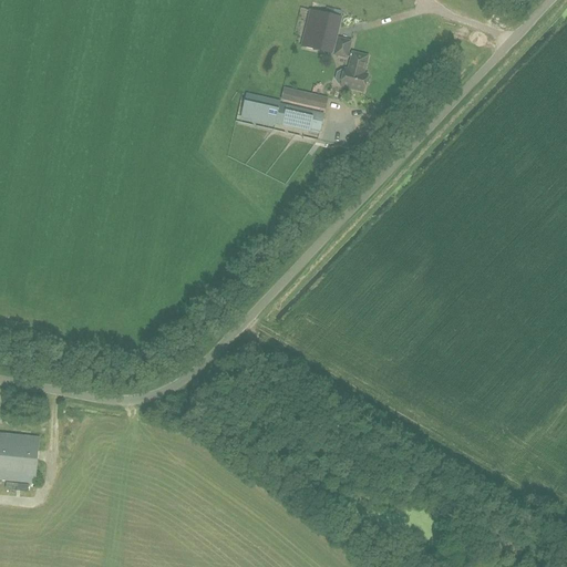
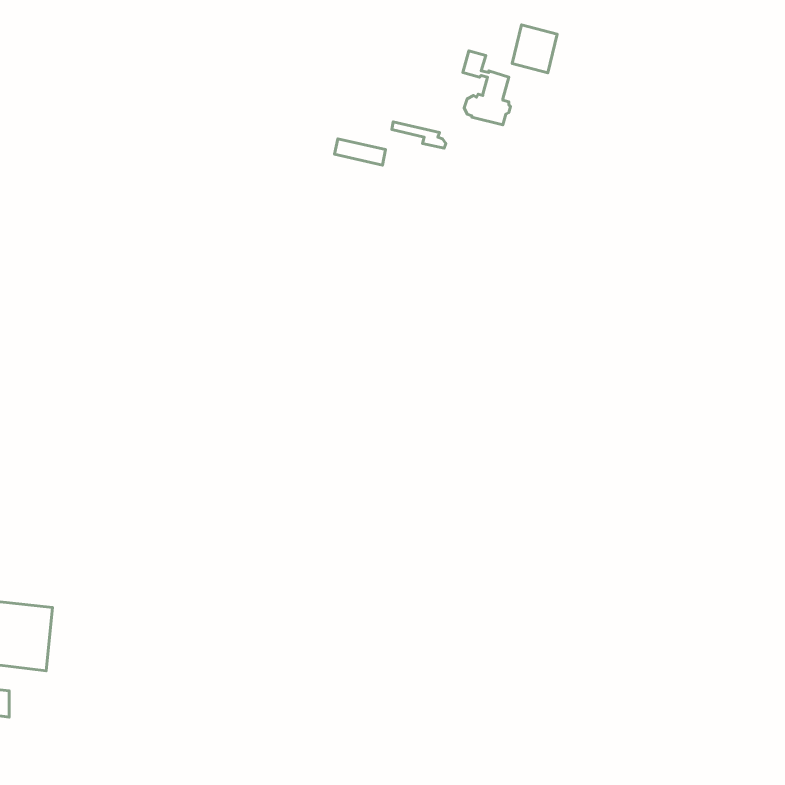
building: [306,9,338,43] -> [512,25,557,73]
building: [281,109,322,128] -> none

